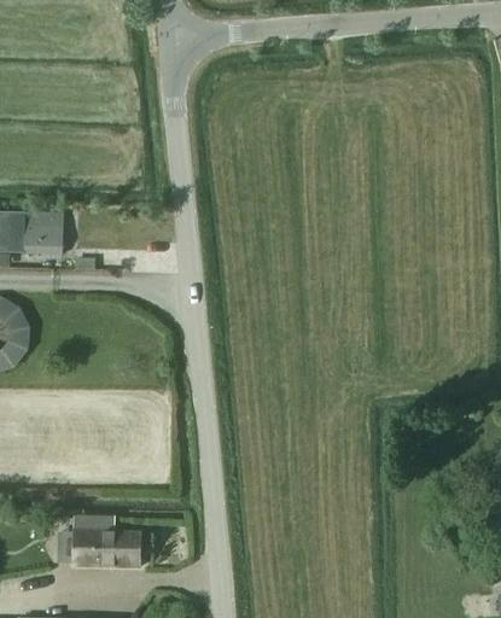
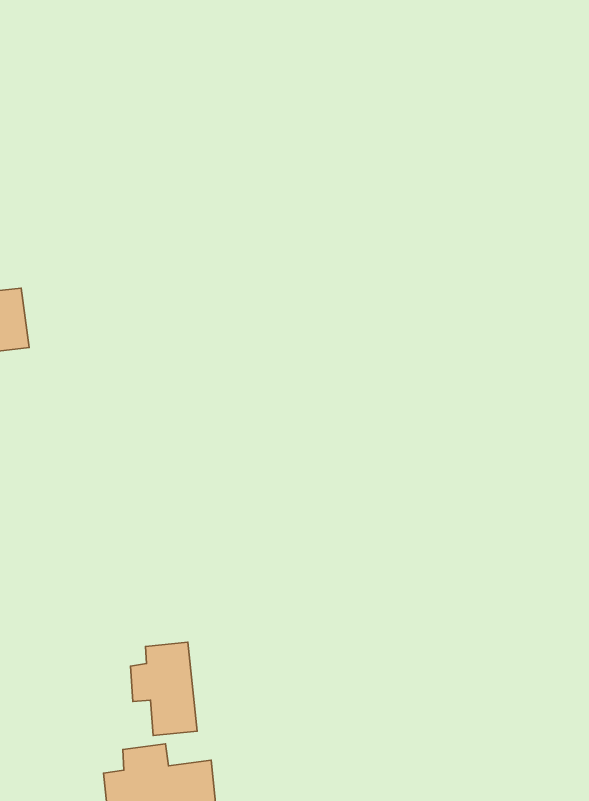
building: none -> [131,642,197,736]

